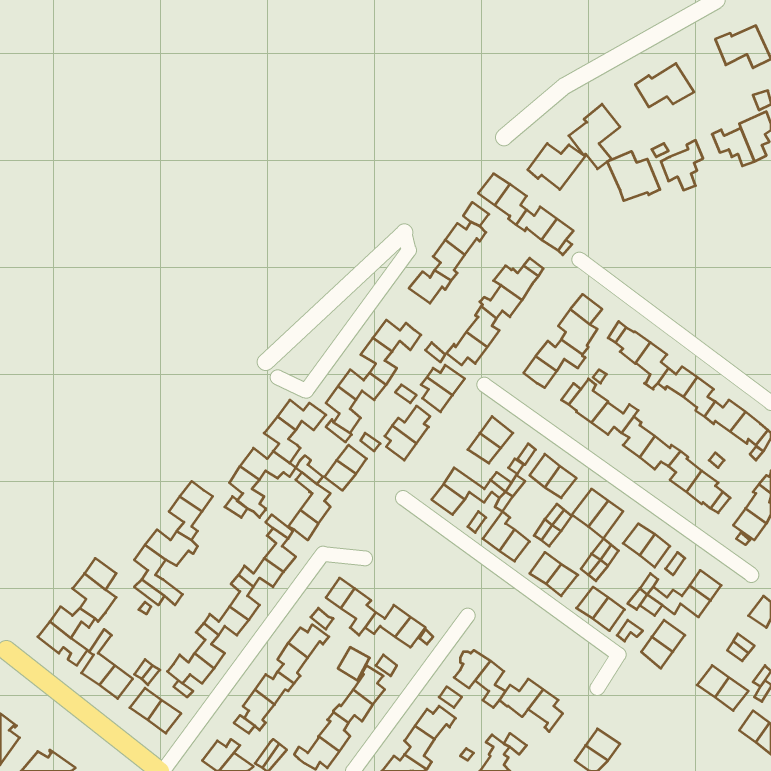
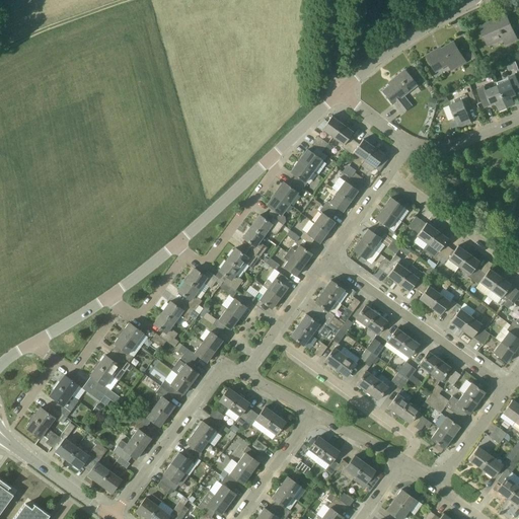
building: [528,143,585,190] -> none
building: [607,151,660,201] -> none
building: none -> [267,194,289,225]

